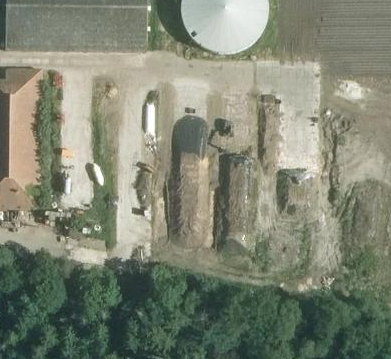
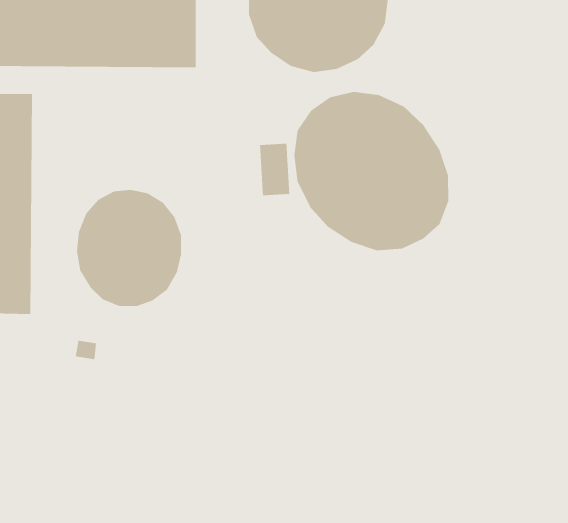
building: none -> [293,91,449,251]
building: none -> [76,189,182,307]

